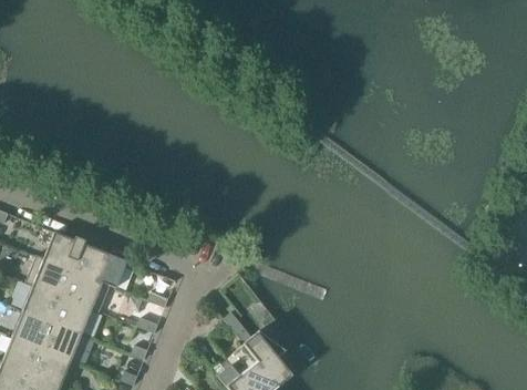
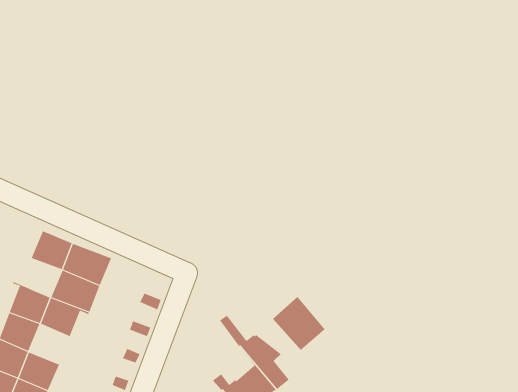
building: [25,255,73,296] -> none
building: none -> [272,296,325,351]
building: [41,321,81,360] -> none

